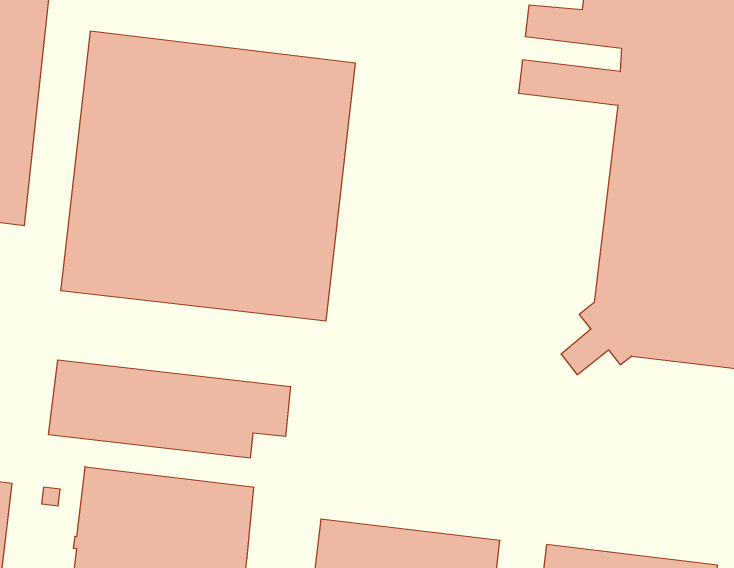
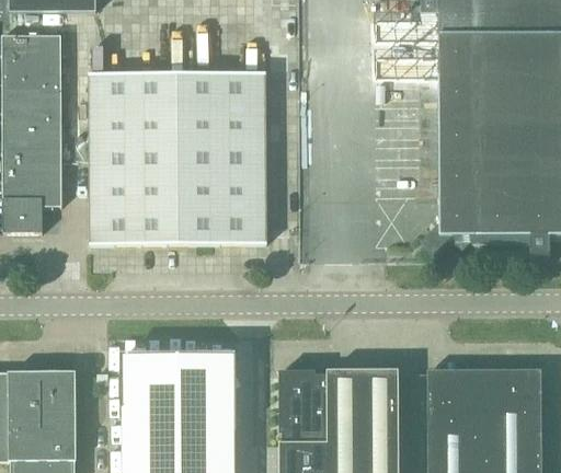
building: [49,360,291,458] -> none

